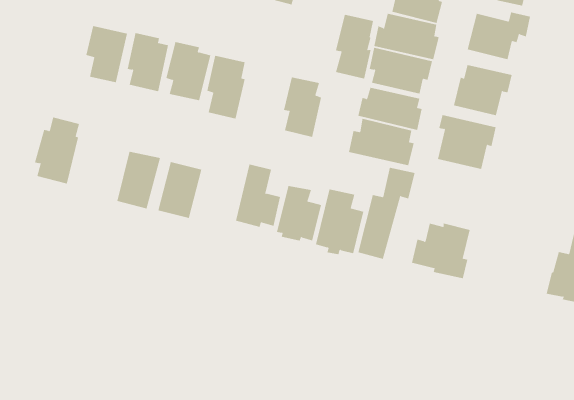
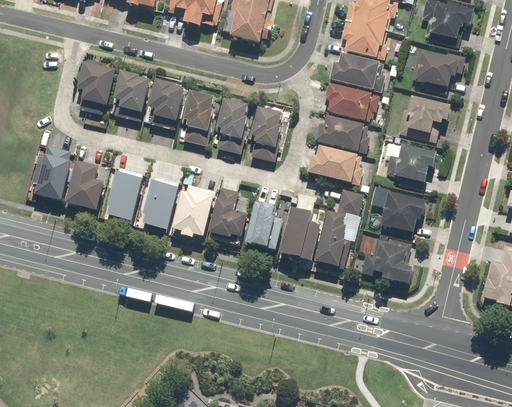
building: [335,14,374,79] -> [215,95,249,152]
building: none -> [64,155,104,210]
building: none -> [170,181,215,238]
building: none -> [379,190,425,232]

